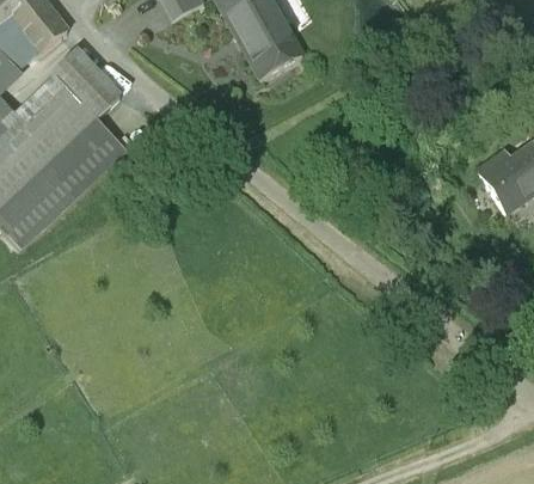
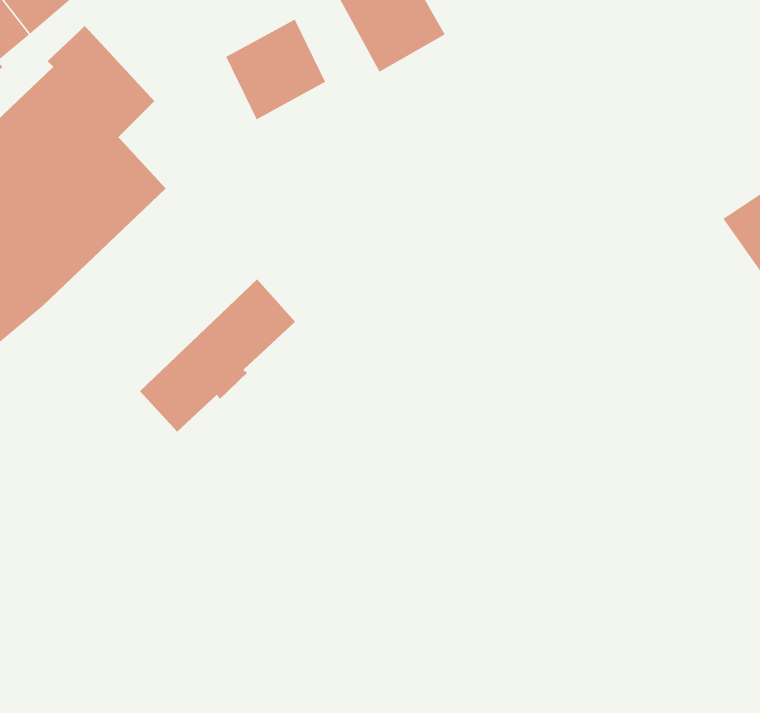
building: none -> [225,19,326,120]
building: none -> [139,279,296,433]

